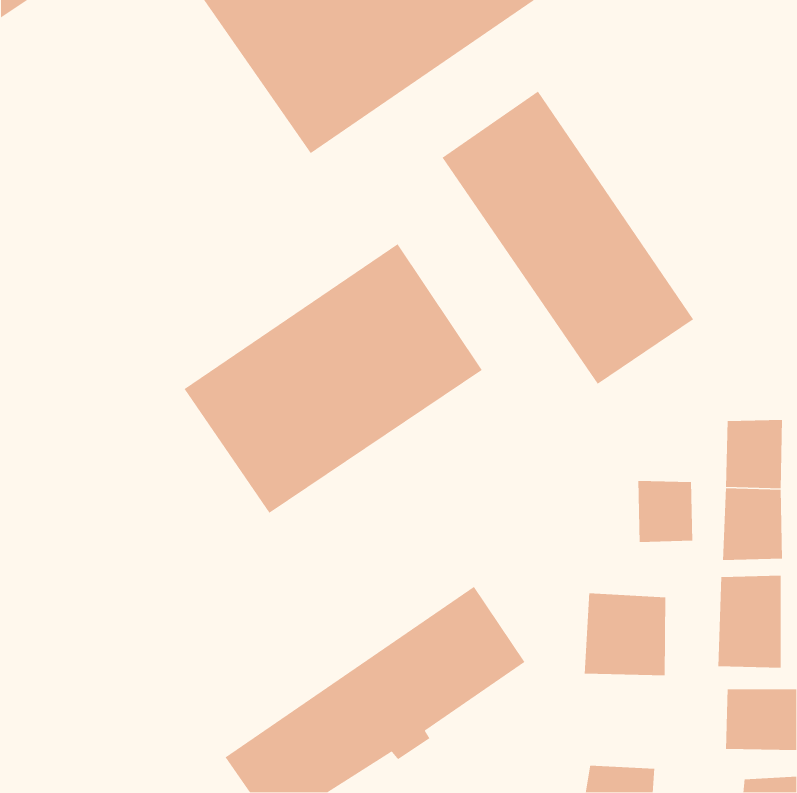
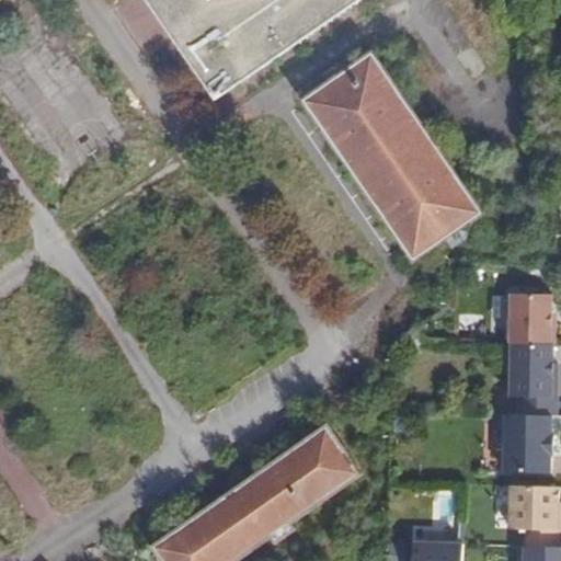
building: [184,243,483,514] -> none
building: [637,480,693,543] -> none
building: [584,592,666,676] -> none

